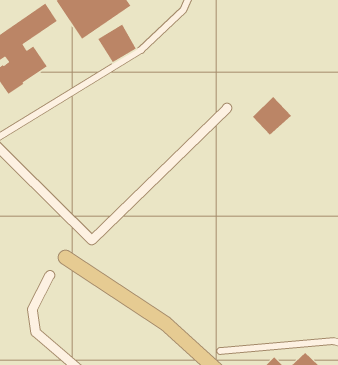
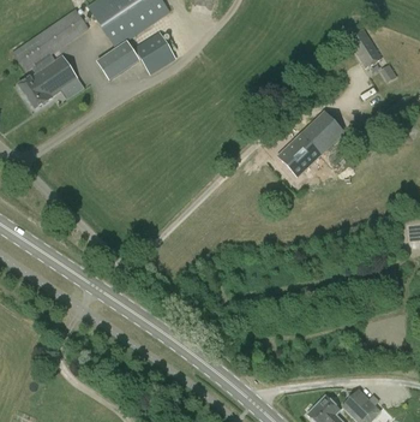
building: none -> [347,29,383,69]
building: none -> [97,42,139,81]
building: none -> [277,133,320,177]

